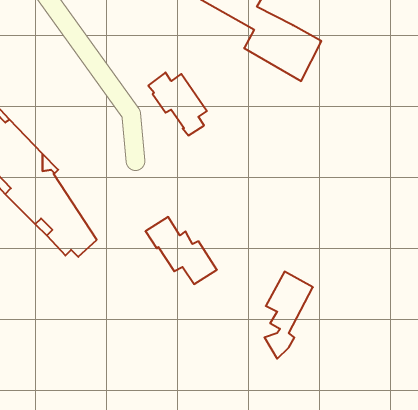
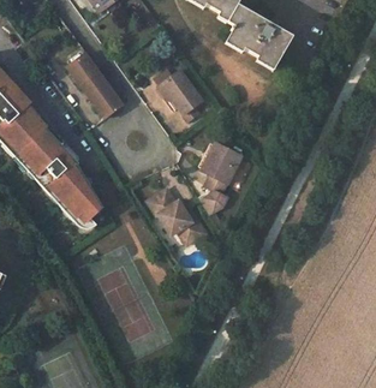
building: none -> [67,50,125,118]
building: [264,272,313,359] -> [196,142,237,215]

